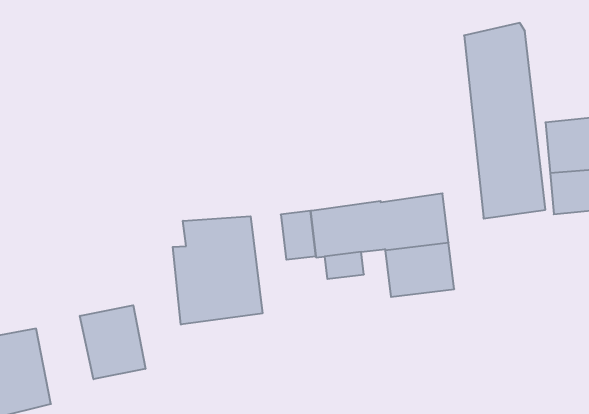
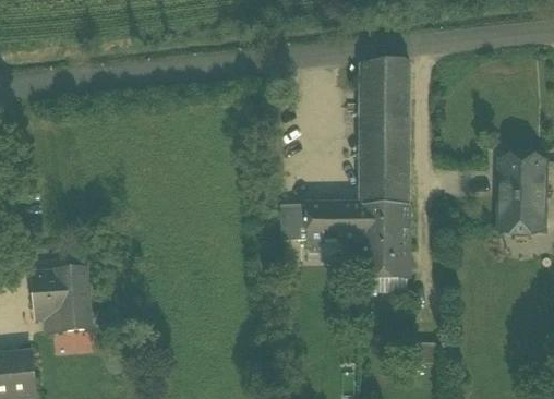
building: [464,23,545,219] -> [361,57,410,203]
building: [173,216,262,325] -> none
building: [80,305,145,379] -> none

